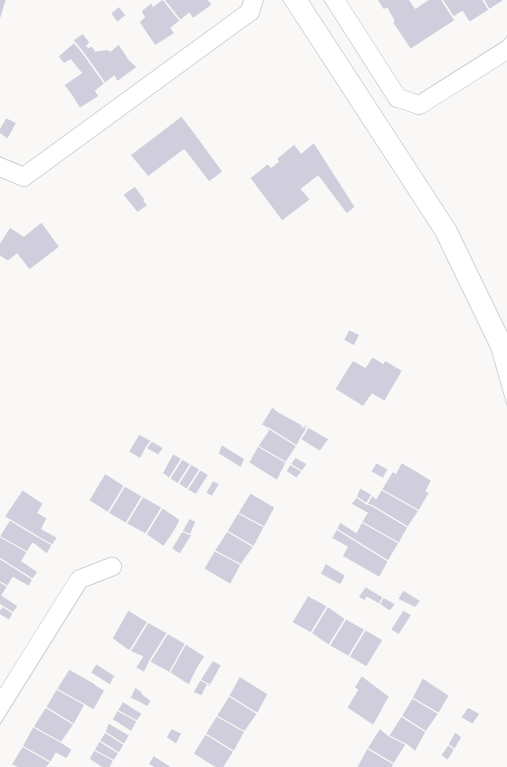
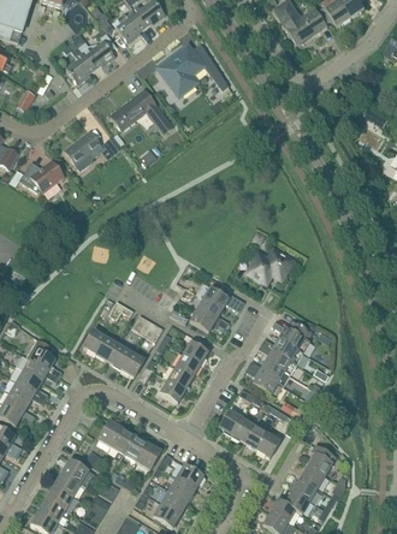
building: [249,142,355,221] -> [156,43,227,96]
building: none -> [64,131,100,165]
building: [347,675,390,725] -> [306,444,334,477]

